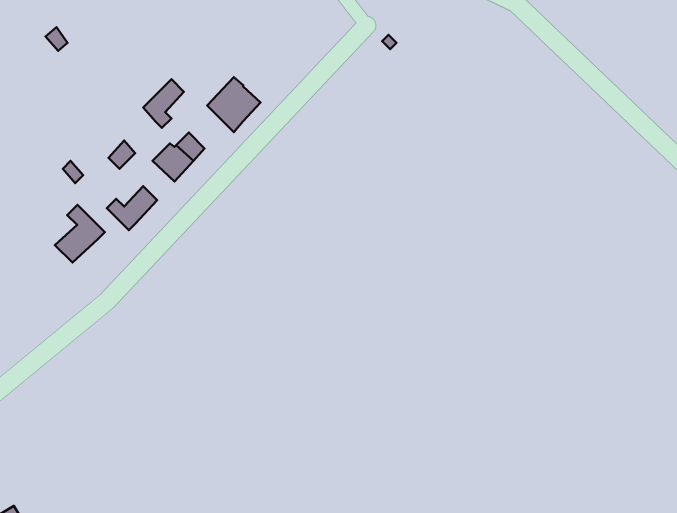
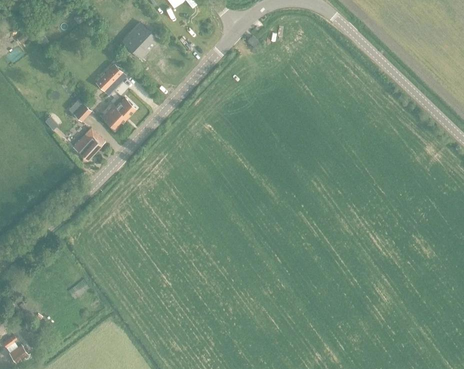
building: [207,77,261,132] -> [123,22,157,57]
building: [55,205,105,263] -> none

